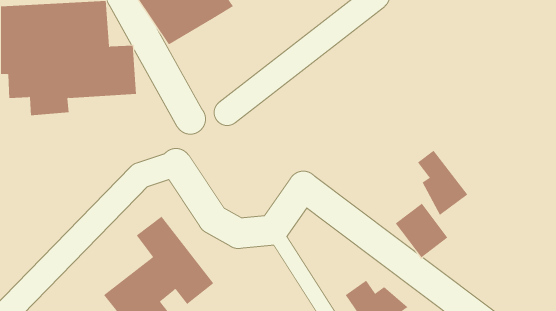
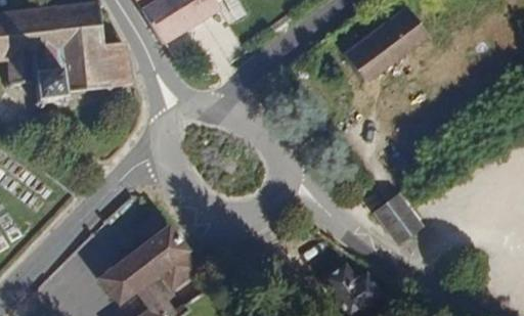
building: none -> [343,14,428,84]
building: [417,150,468,216] -> none

